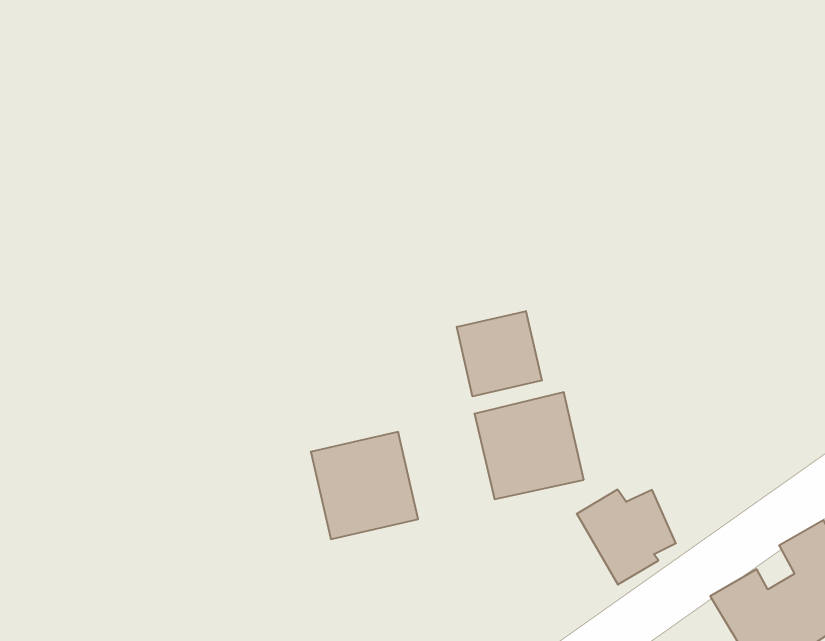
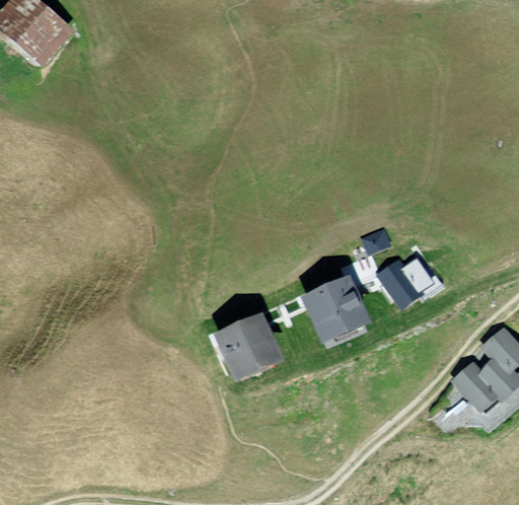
building: [457,311,542,396] -> none
building: [577,490,676,585] -> [376,252,434,308]

